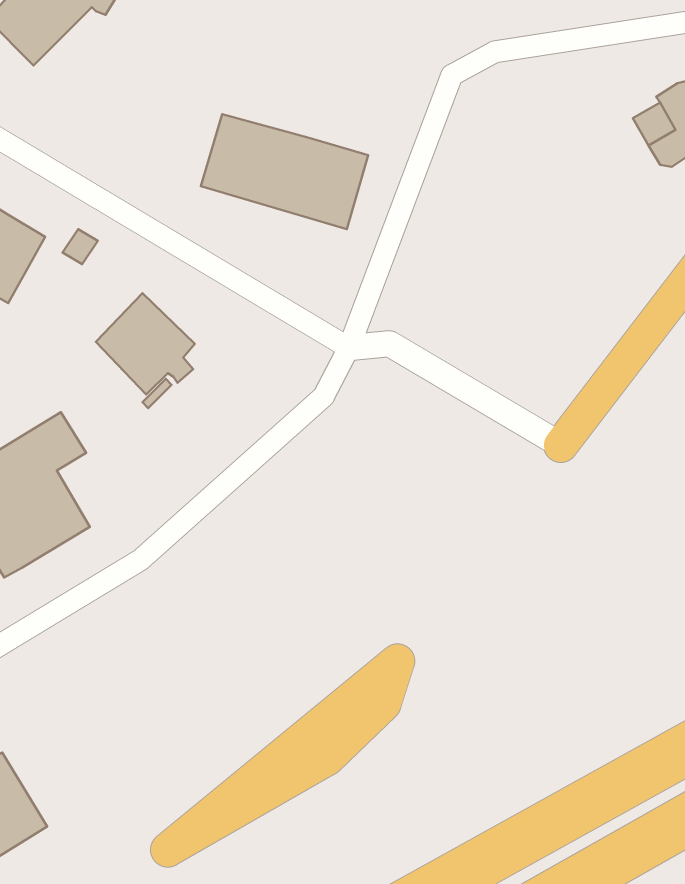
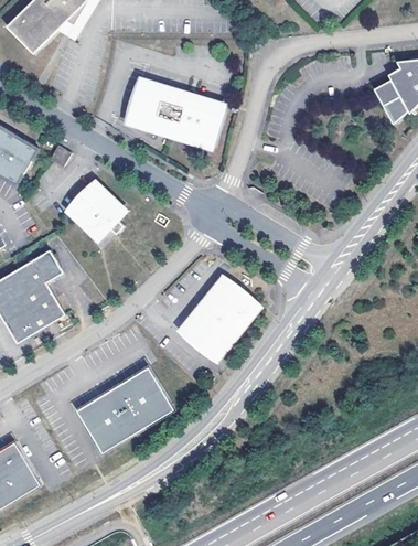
building: none -> [181,278,257,356]
building: none -> [75,366,173,452]

